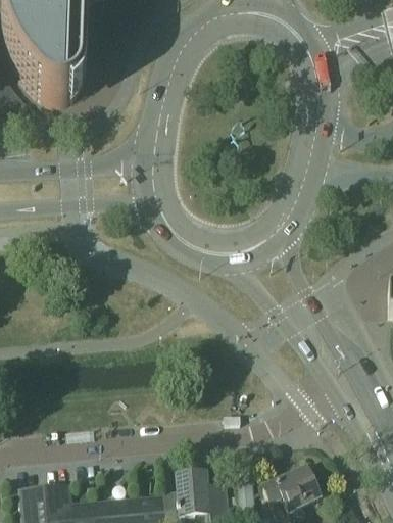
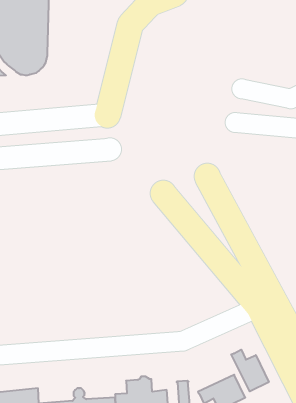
building: none -> [231,350,269,391]

